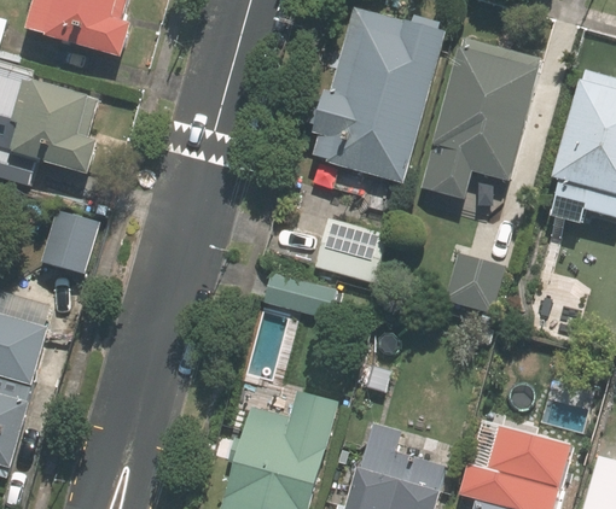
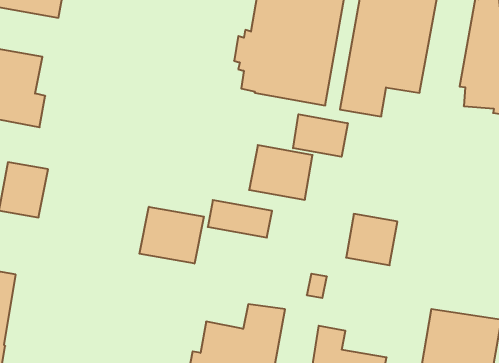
building: none -> [293,114,348,157]
building: [442,253,502,314] -> [346,214,397,265]
building: none -> [139,207,204,264]

